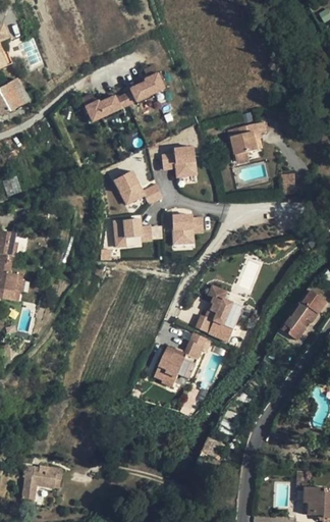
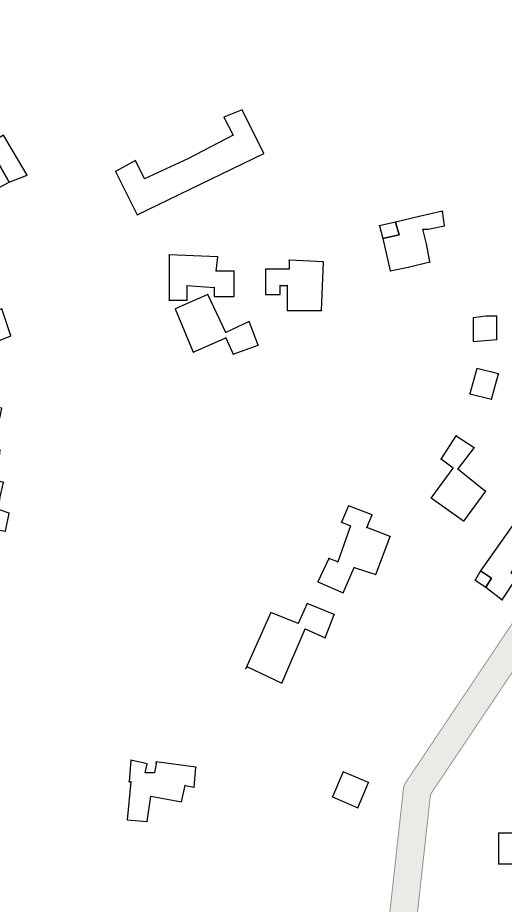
building: [170,215,200,243] -> none
building: [112,217,149,243] -> [169,255,234,300]
building: none -> [431,436,486,521]
building: [22,465,61,500] -> [127,760,196,822]

